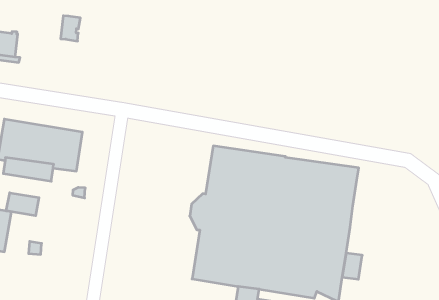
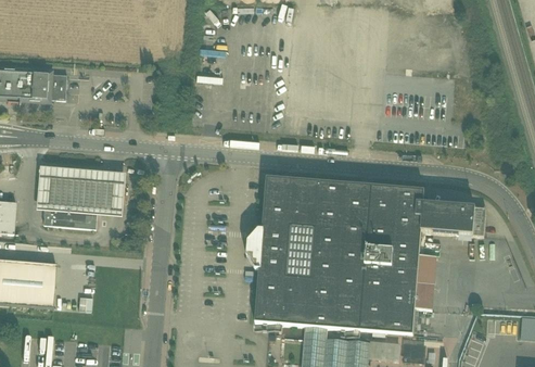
building: [61,16,80,41] -> [48,73,67,99]
building: none -> [421,202,486,235]
building: [6,193,39,216] -> none
building: none -> [418,253,437,282]

